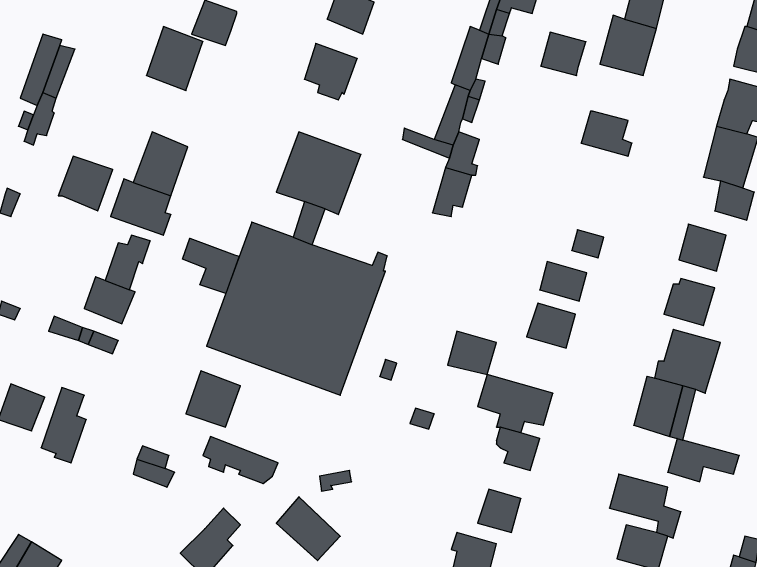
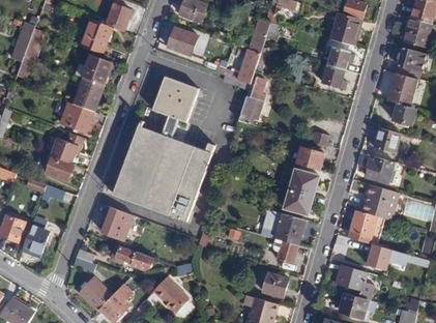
building: [541,32,586,76] -> [326,47,351,70]
building: [58,156,113,211] -> [82,55,112,85]
building: [182,238,239,293] -> none
building: [448,331,496,374] -> [285,189,312,213]
building: none -> [79,277,113,311]

